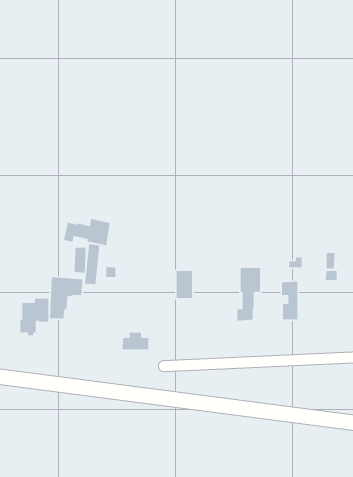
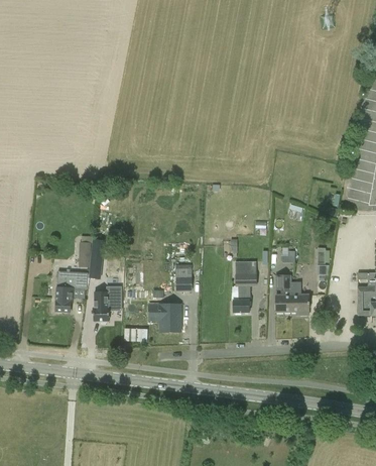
building: [63,218,111,246] -> none
building: none -> [291,280,308,314]
building: [19,298,49,336] -> [93,286,121,323]
building: none -> [152,304,179,331]

